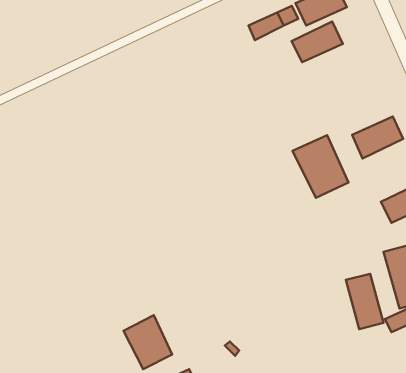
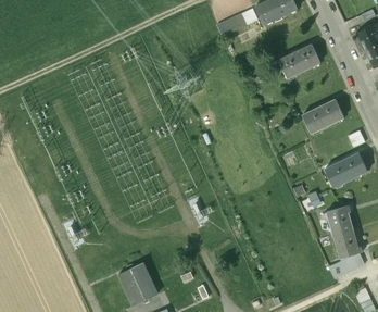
building: [292,21,343,62] -> [278,43,320,77]
building: [293,135,348,198] -> none
building: [346,274,383,329] -> none

